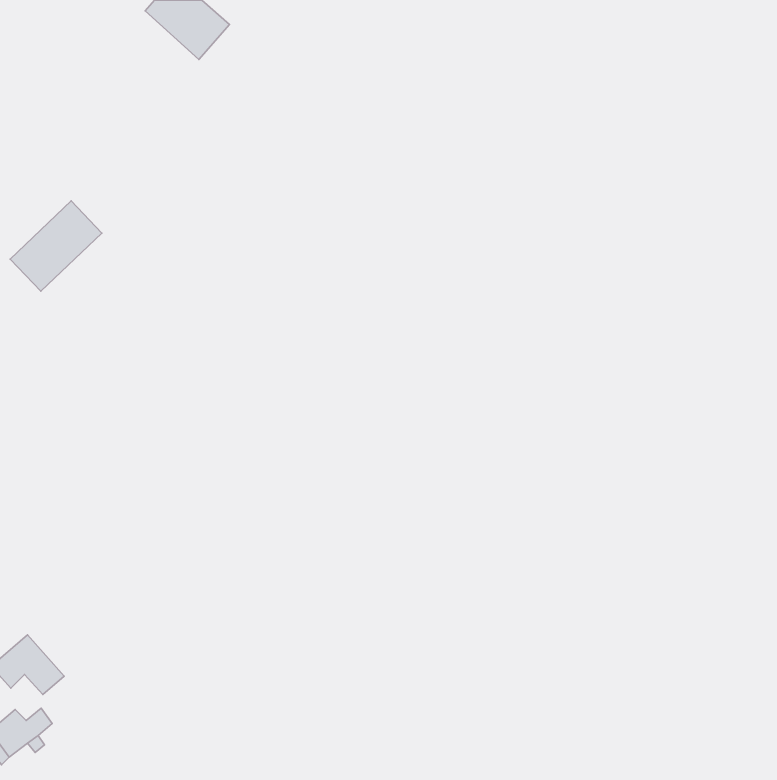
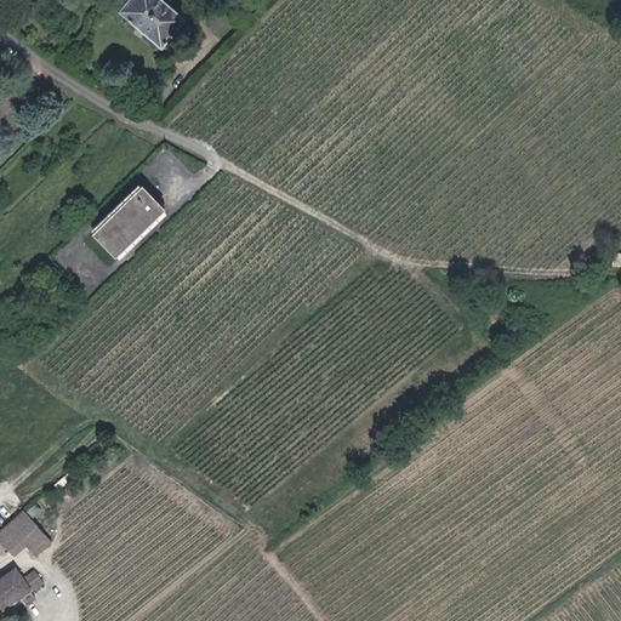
building: [10,201,102,291] -> [91,188,164,260]

